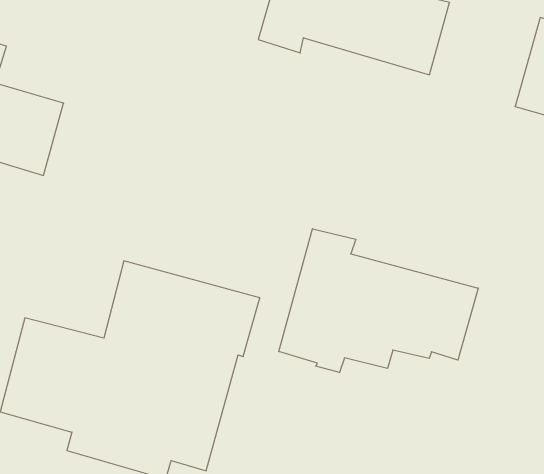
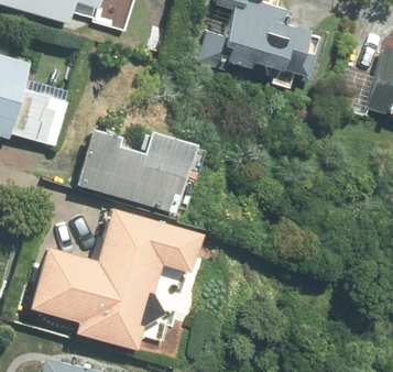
building: none -> [75,125,201,212]
building: [279,229,478,373] -> none

